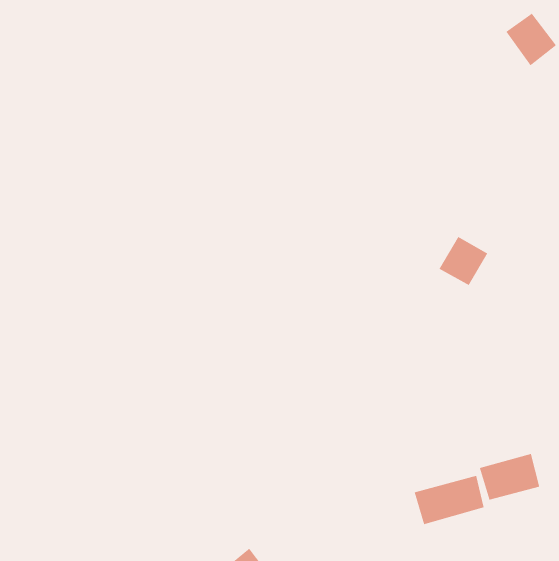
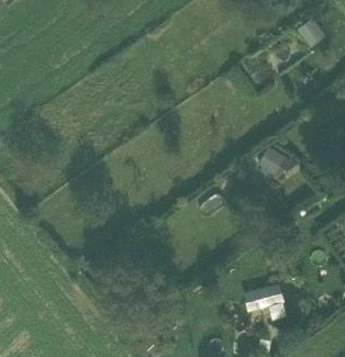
building: [479,453,540,500] -> none

